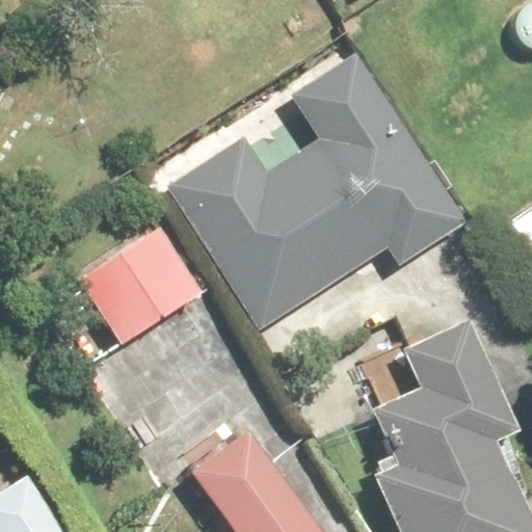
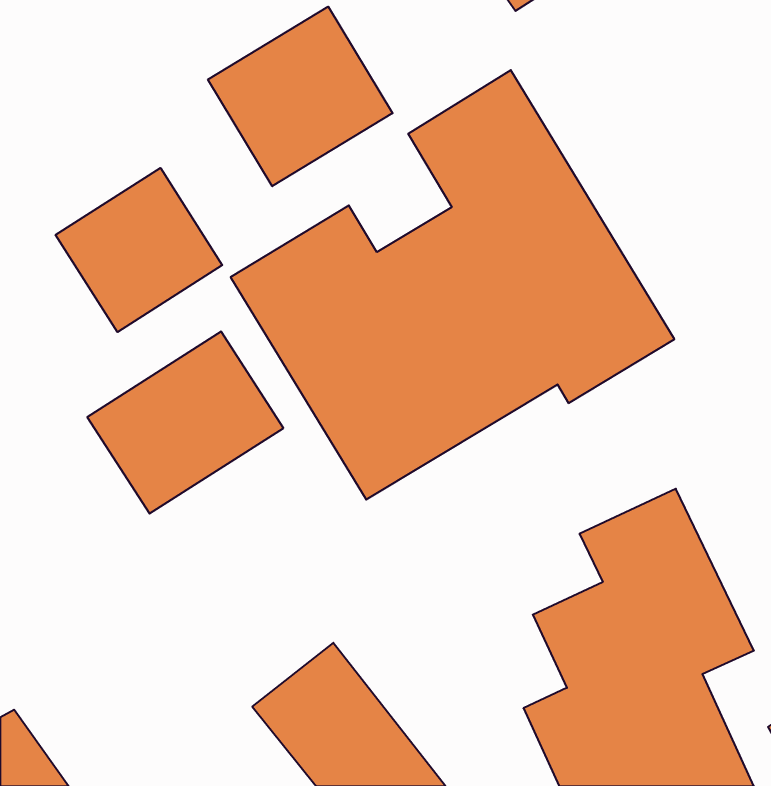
building: none -> [208,7,393,186]
building: none -> [56,168,222,332]

